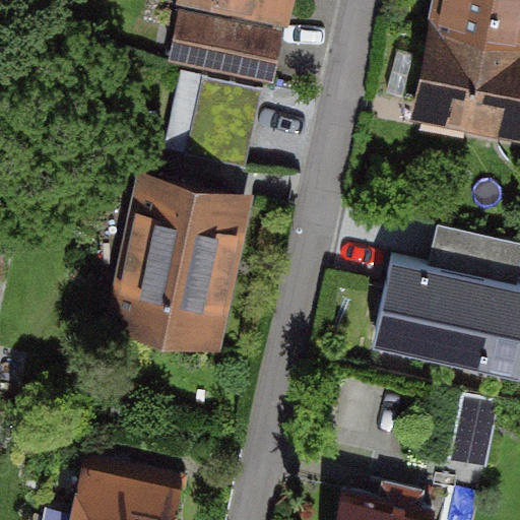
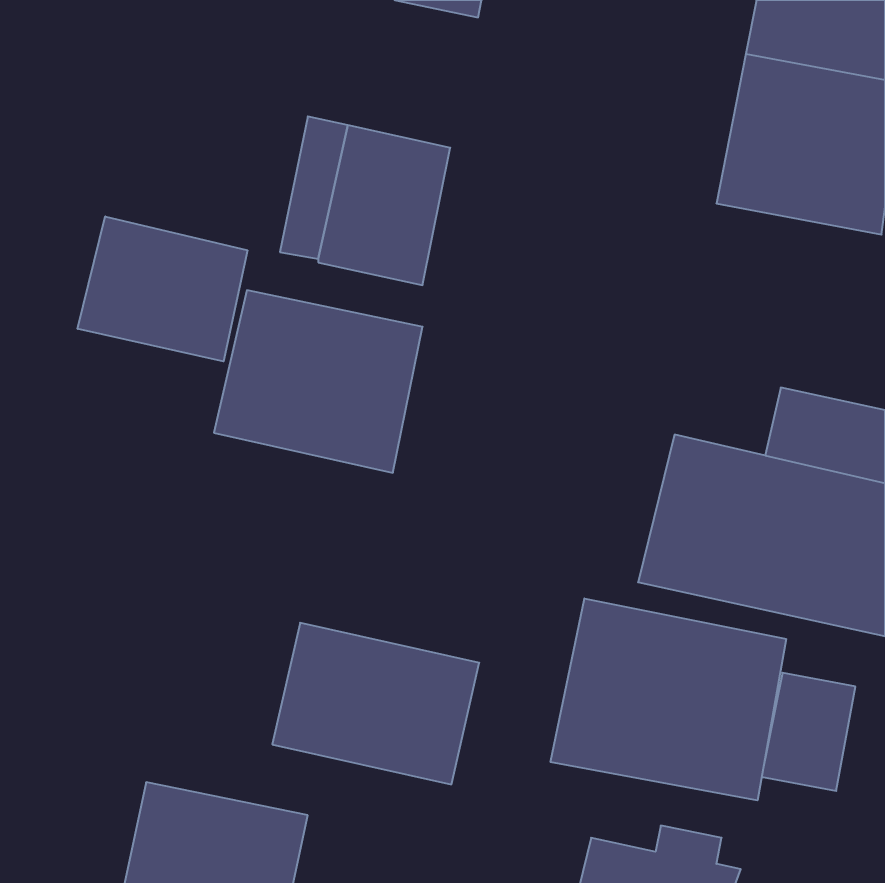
building: [194,15,280,82] -> none
building: none -> [78,216,247,361]
building: [109,256,230,350] -> [272,623,479,784]
building: none -> [551,598,786,800]

